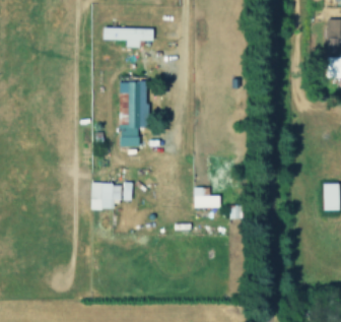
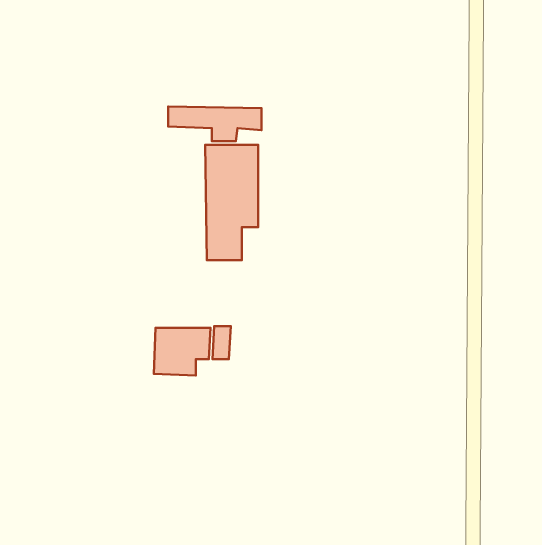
building: [103,28,154,48] -> [168,106,261,141]
building: [194,188,220,208] -> none

